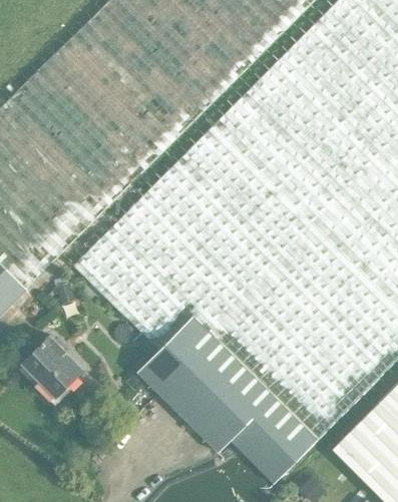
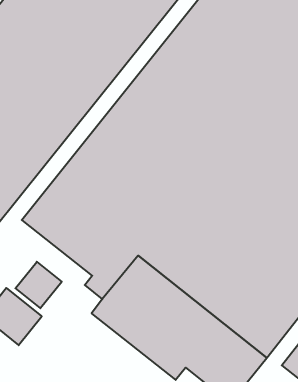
building: none -> [15,262,62,308]

